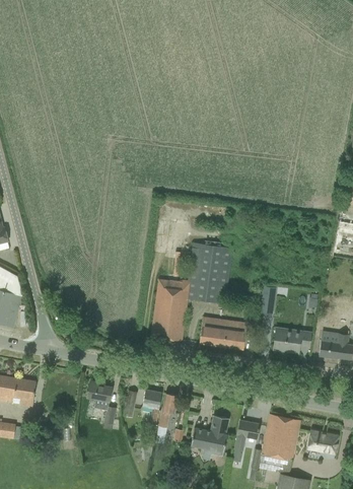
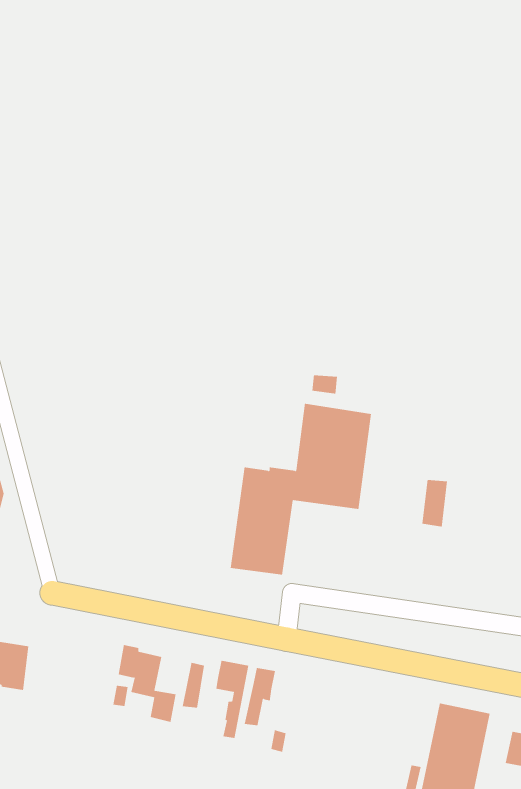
building: [200,318,248,349] -> none
building: [274,331,311,353] -> none
building: [191,415,229,459] -> none
building: [234,420,260,450] -> none

